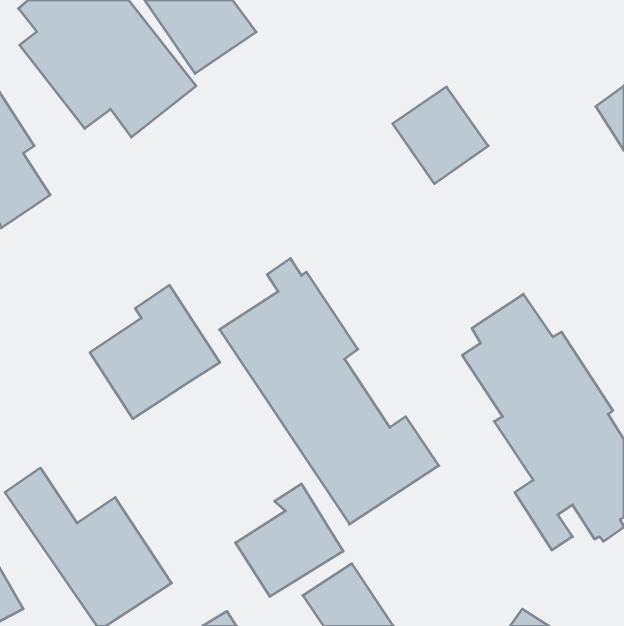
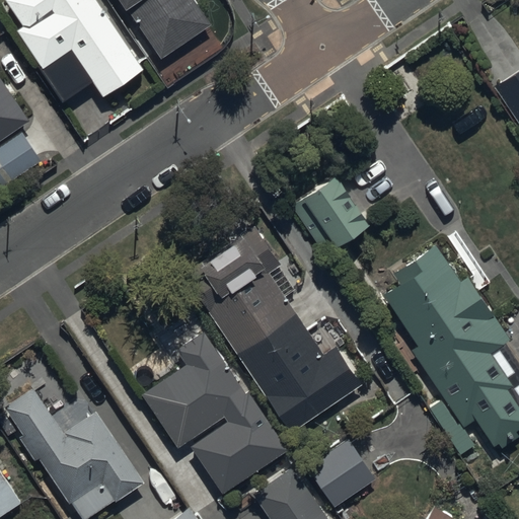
building: [393,87,488,184] -> [291,175,370,255]
building: [90,285,220,419] -> [142,337,249,447]
building: none -> [305,438,373,507]

